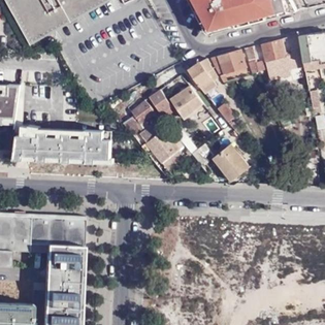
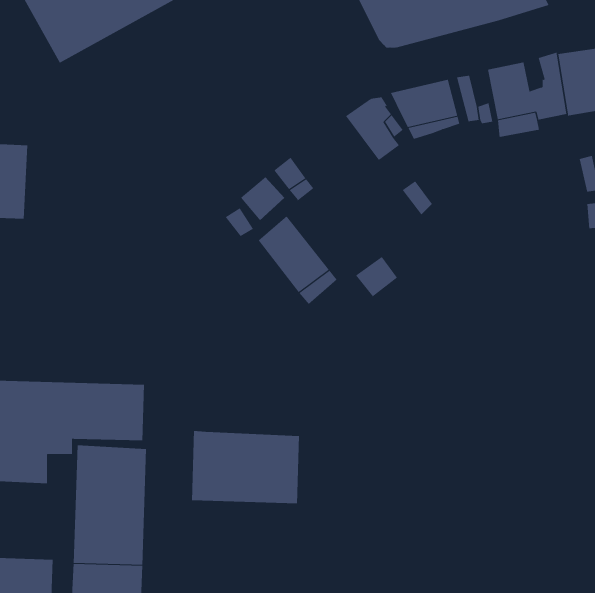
building: [170,86,202,120] -> none
building: [14,124,111,163] -> none
building: [214,149,250,180] -> none
building: none -> [191,430,300,504]

